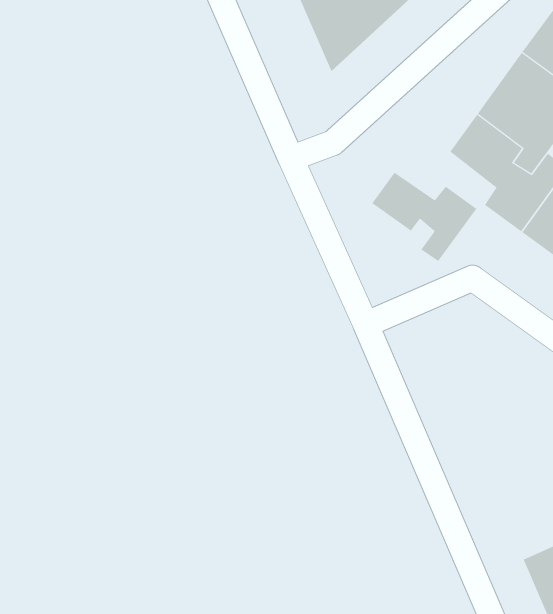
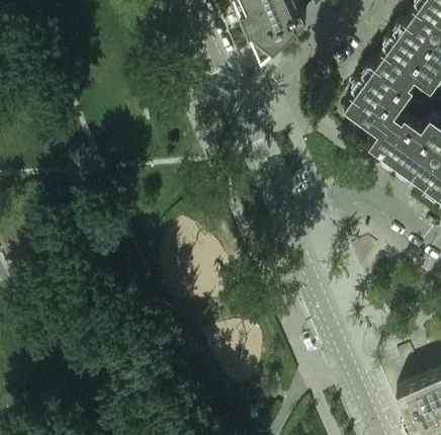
building: [372,172,477,262] -> none

